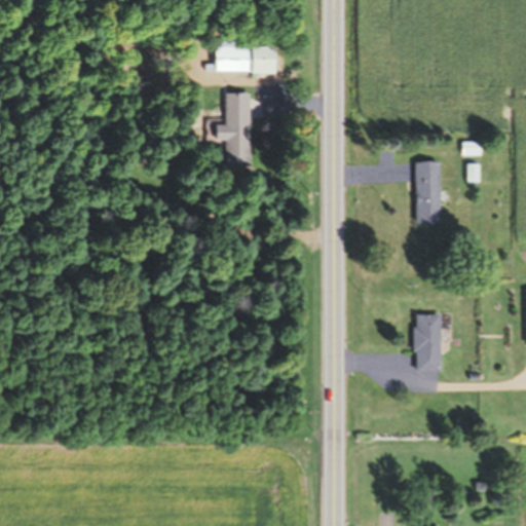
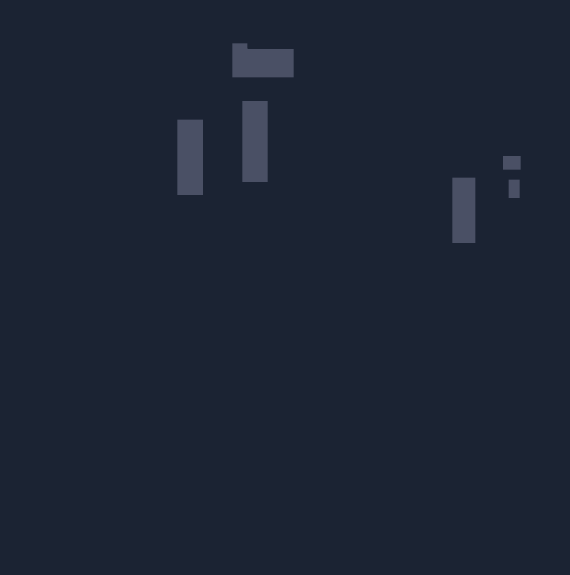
building: none -> [177,119,203,196]
building: [415,314,441,372] -> none

